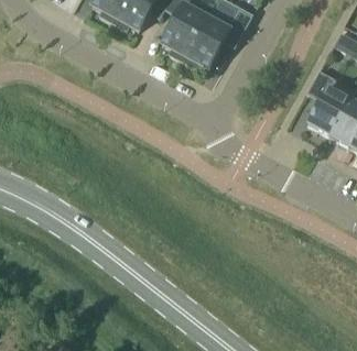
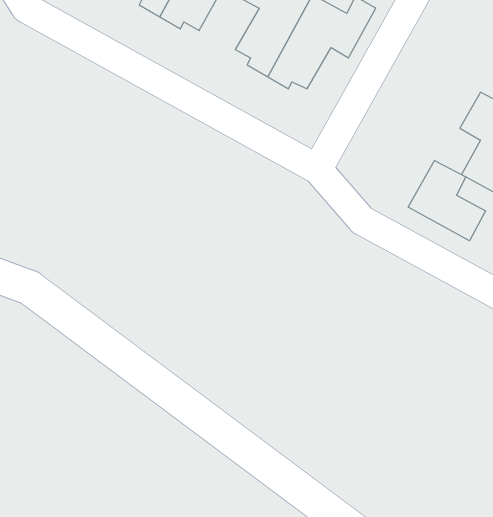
building: none -> [408,160,486,241]

